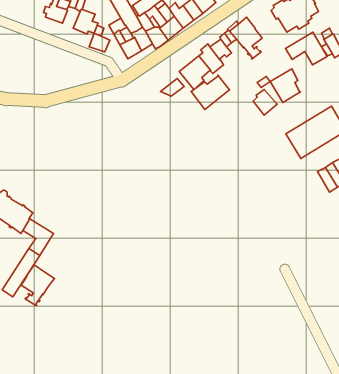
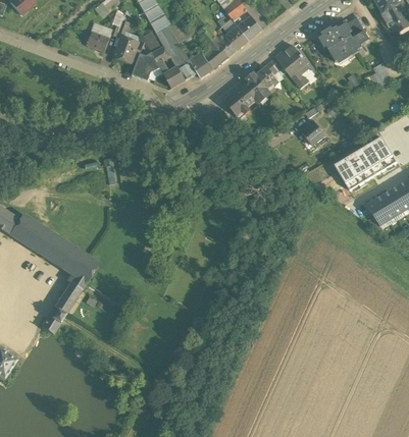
building: [285,32,327,65] -> none
building: [270,69,301,103] -> none
building: [191,75,230,109] -> none
building: [21,265,54,306] -> none

